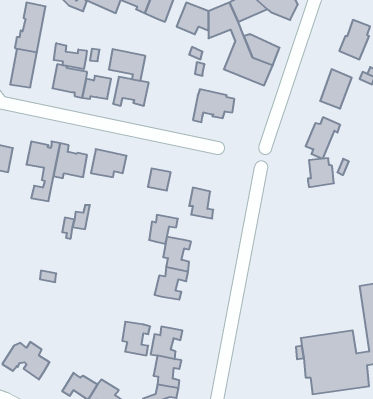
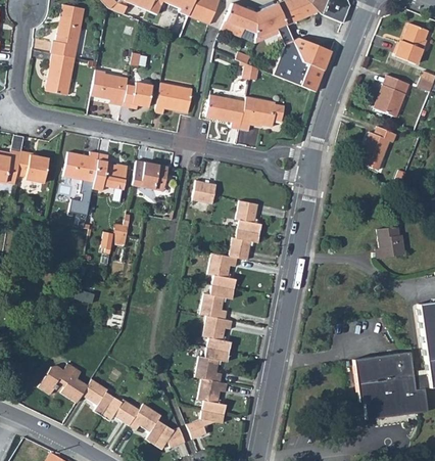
building: [54,43,87,69] -> none
building: [109,49,145,81] -> [206,95,245,129]
building: [308,158,334,187] -> [376,227,403,258]
building: [149,215,178,244] -> [230,229,260,260]
building: [122,322,150,355] -> [203,316,233,352]
building: none -> [82,379,113,416]

